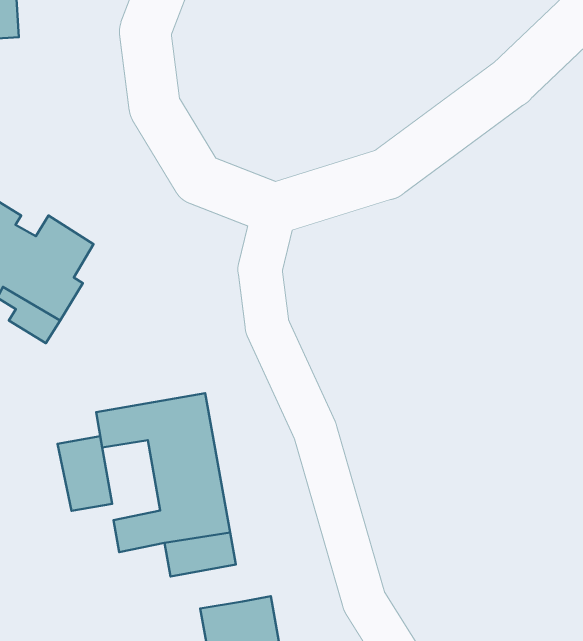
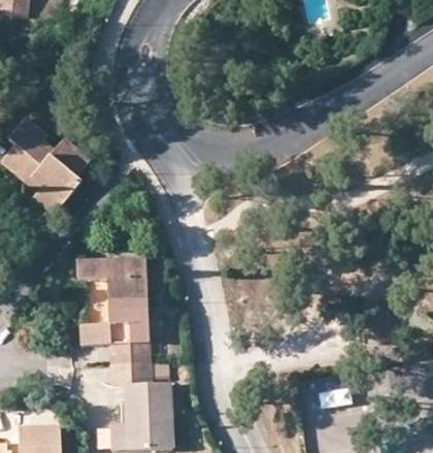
building: [57,436,112,511] -> none
building: none -> [109,361,151,385]

